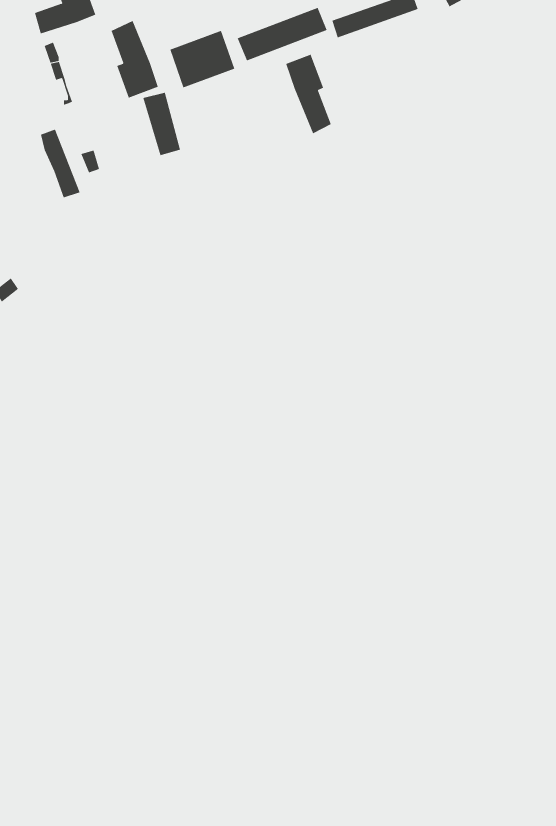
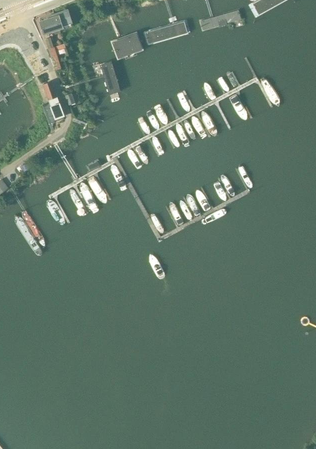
building: [111,20,159,98] -> none
building: [285,54,332,134] -> none

